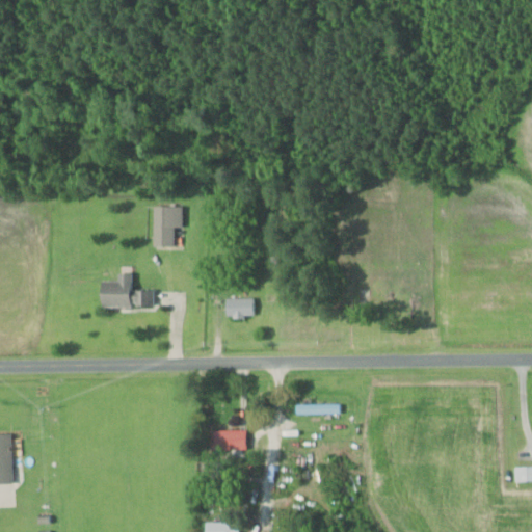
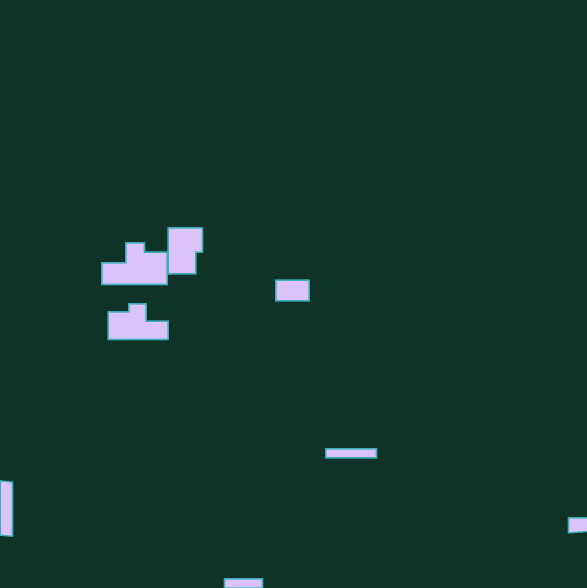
building: none -> [102,243,167,284]
building: [224,298,255,317] -> [276,280,309,301]
building: [208,430,244,449] -> none

